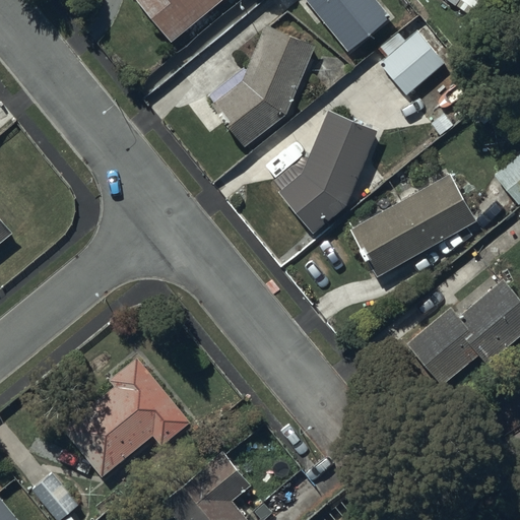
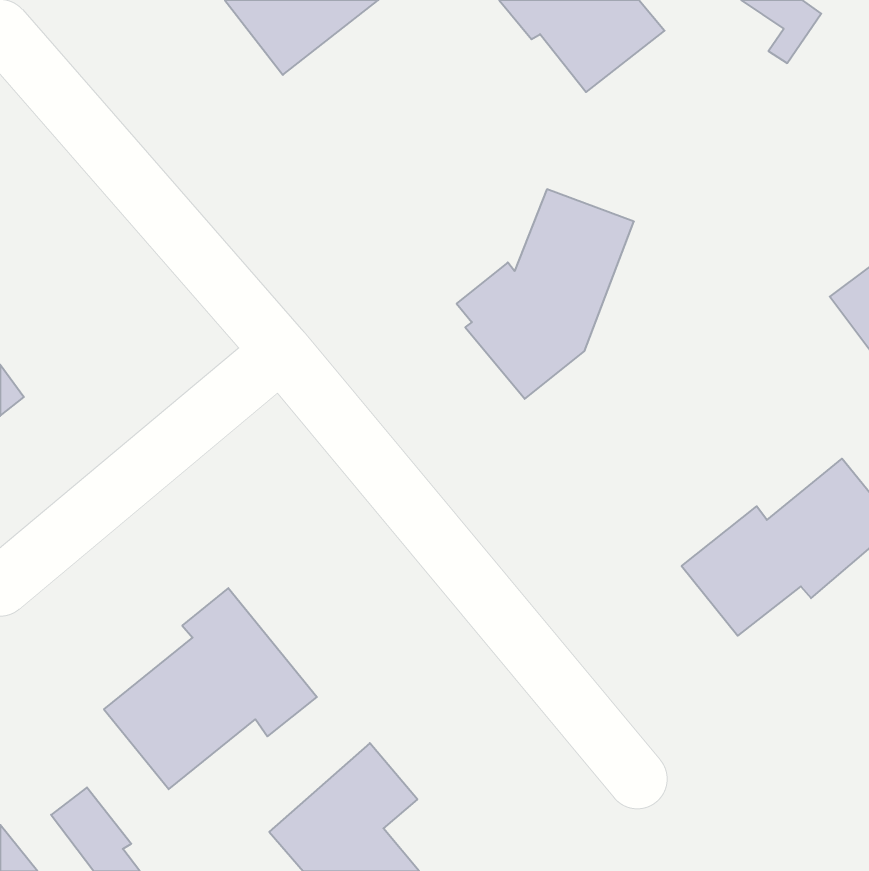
building: [377,19,448,98] -> none
building: [208,25,316,150] -> none
building: [351,177,475,278] -> none

